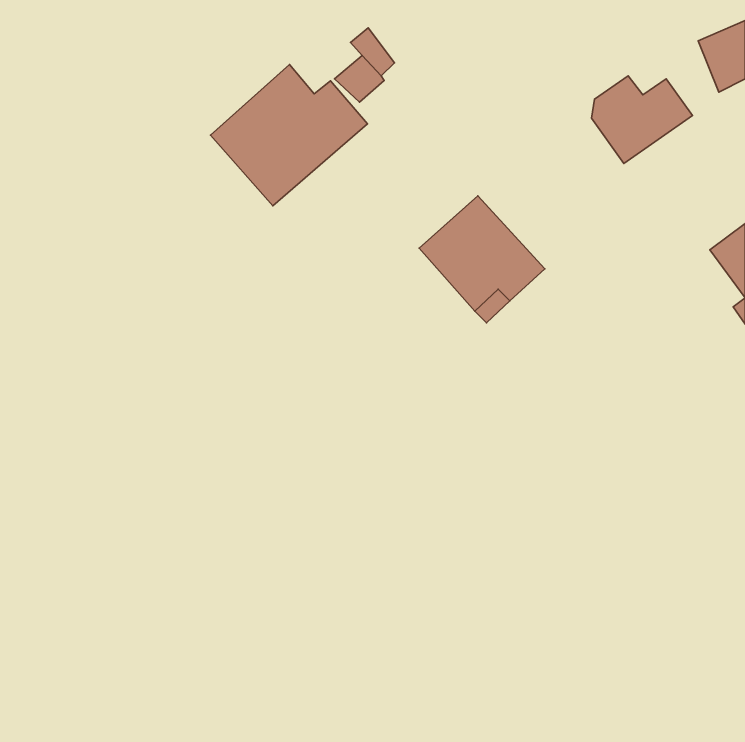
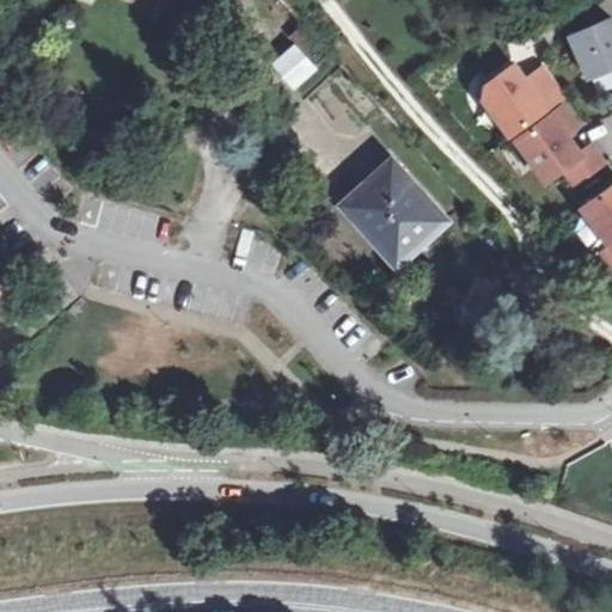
building: [211,65,368,206] -> none
building: none -> [516,108,602,184]

